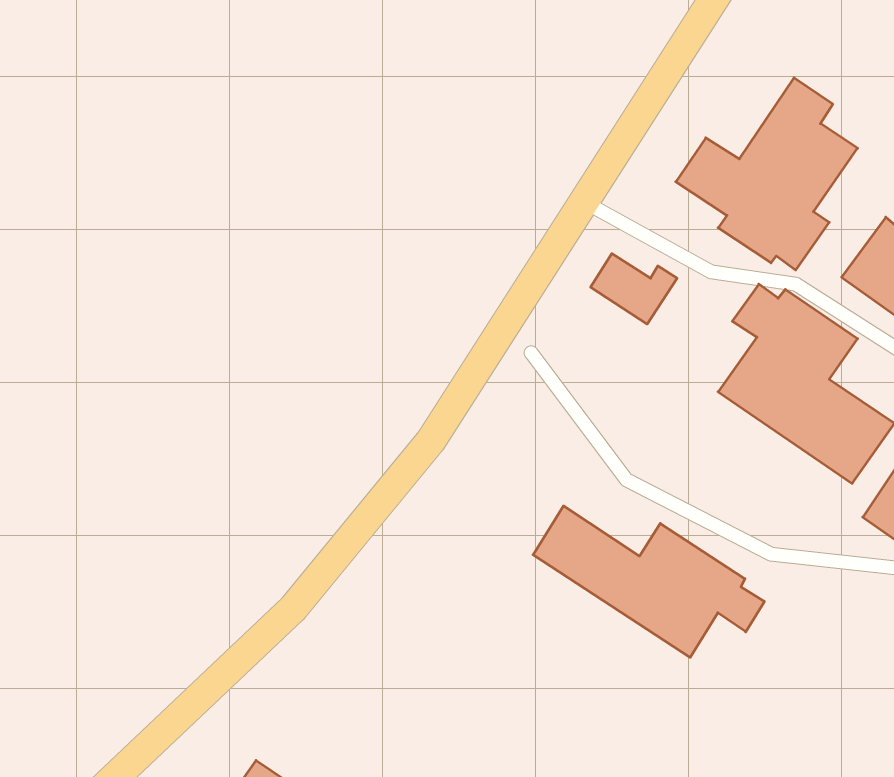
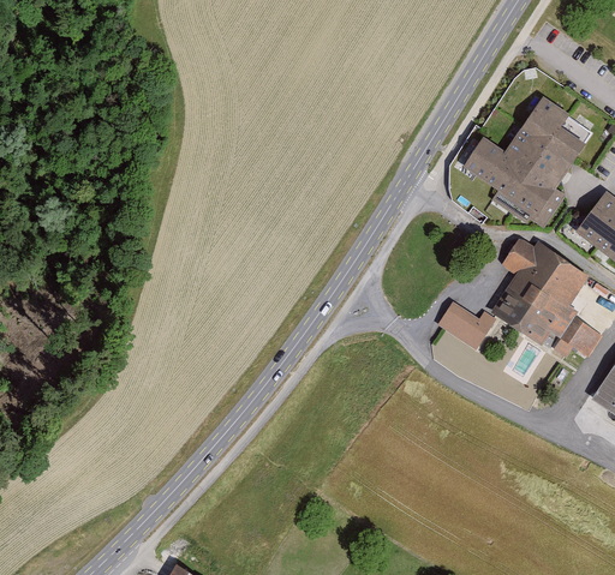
building: [591,254,677,324] -> [438,301,497,349]
building: [533,506,764,657] -> none

